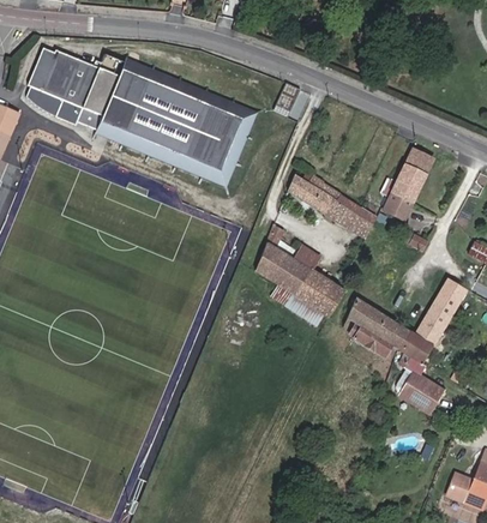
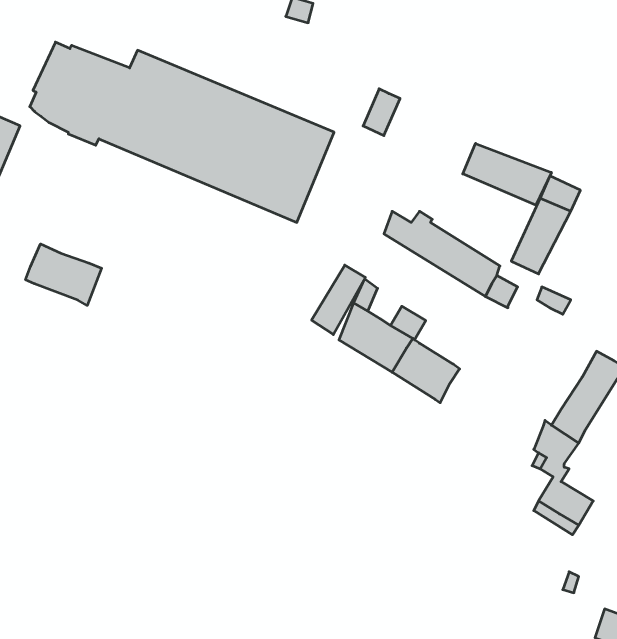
building: none -> [463,143,551,205]
building: none -> [26,244,102,305]
building: none -> [312,265,365,335]
building: [347,297,408,361] -> none

